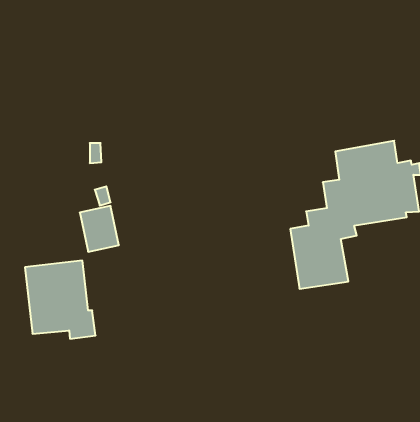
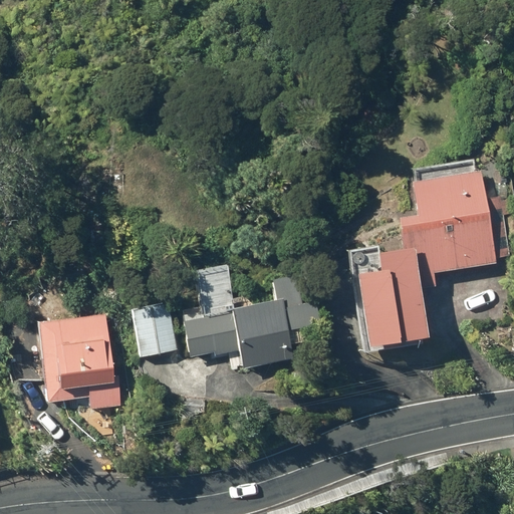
building: [80,206,119,252] -> [131,301,178,356]
building: none -> [182,273,321,368]

